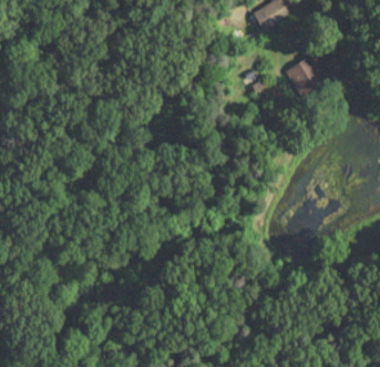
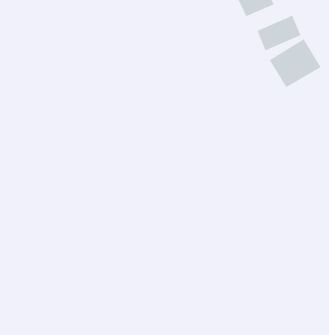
building: none -> [257,15,301,51]

